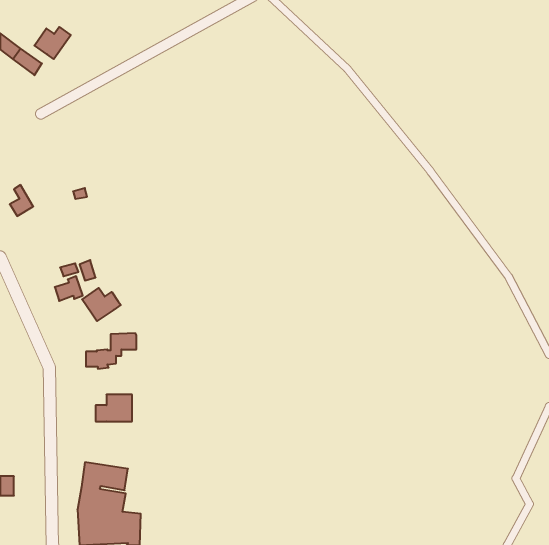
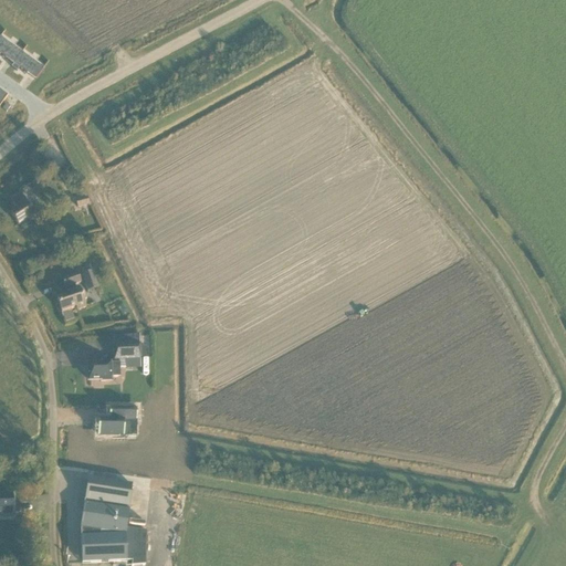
building: [34,27,71,59] -> none
building: [82,288,121,321] -> none

